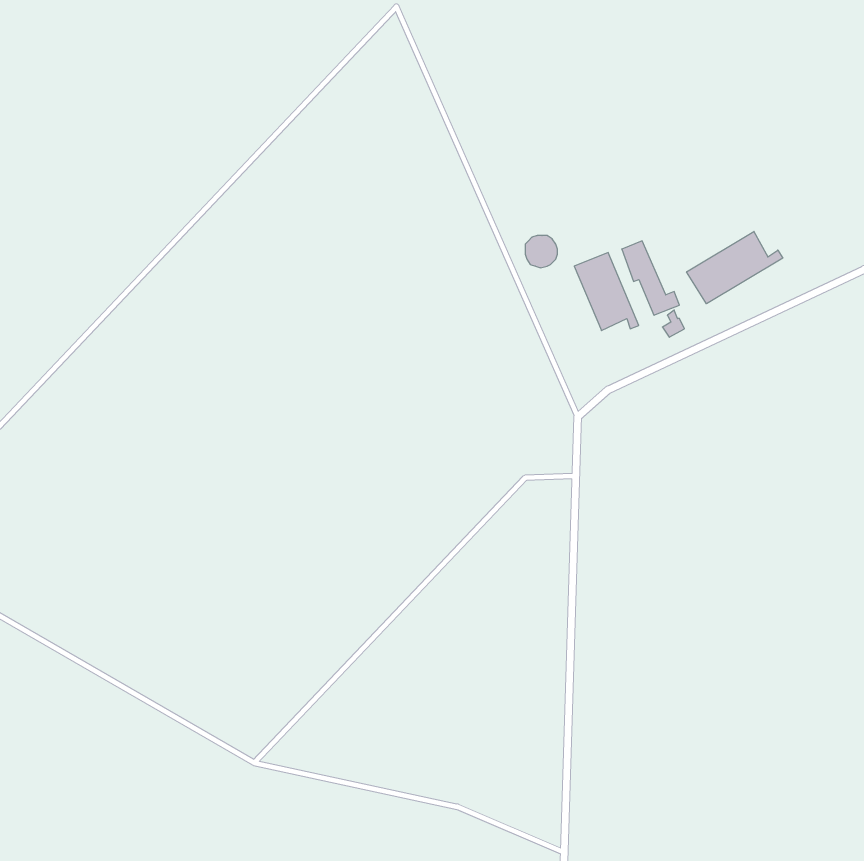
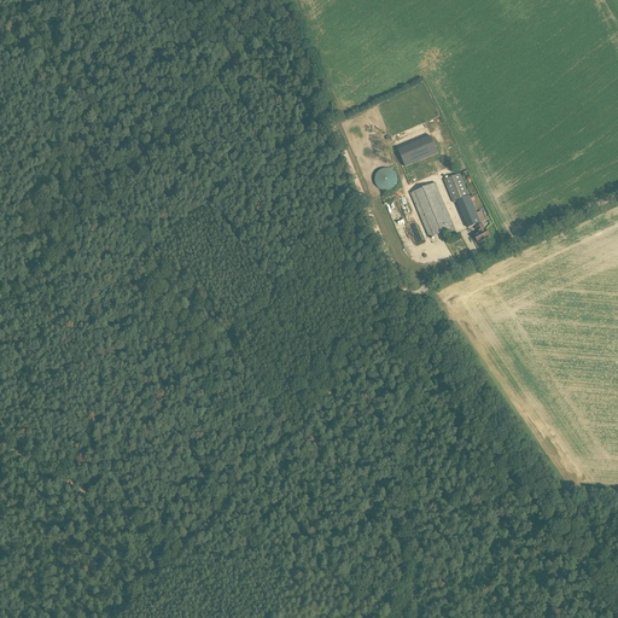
building: none -> [397,133,438,164]
building: [687,231,783,304] -> none

